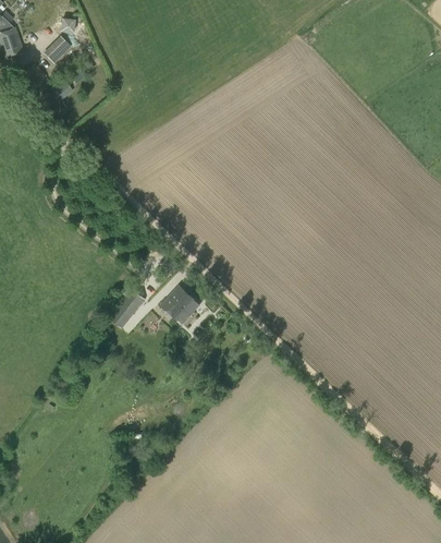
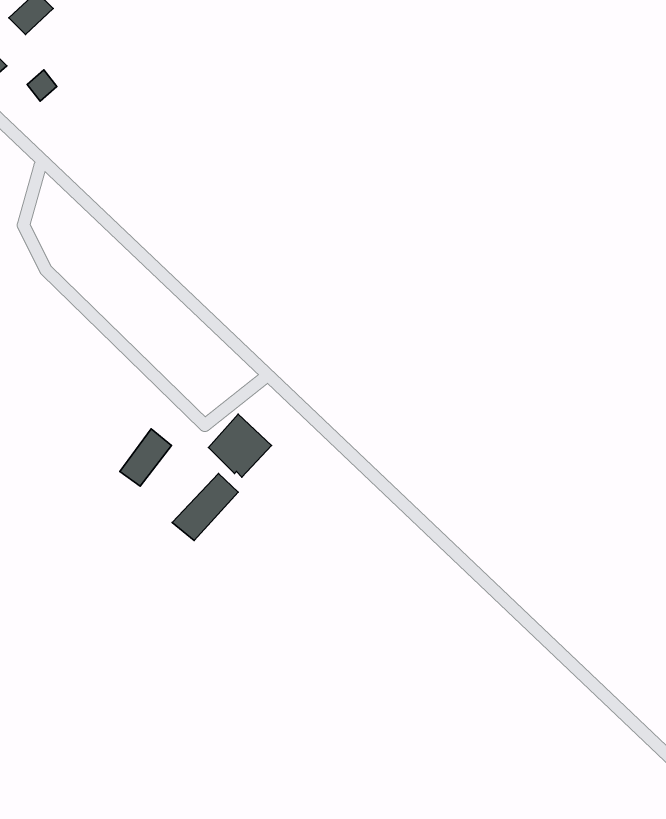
building: none -> [172,473,238,541]

